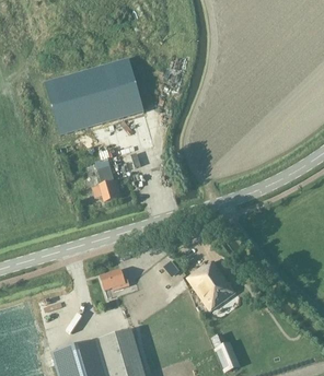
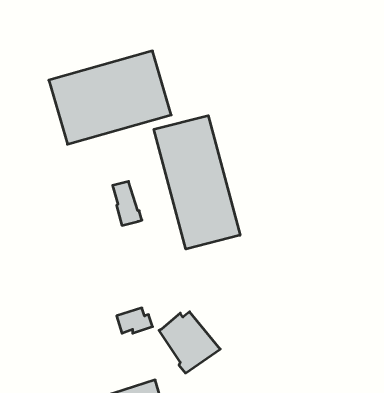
building: none -> [154,116,240,249]
building: [186,261,236,312] -> [159,312,220,373]

